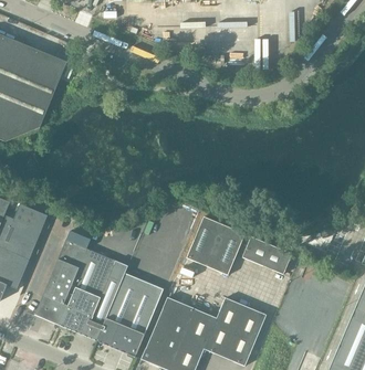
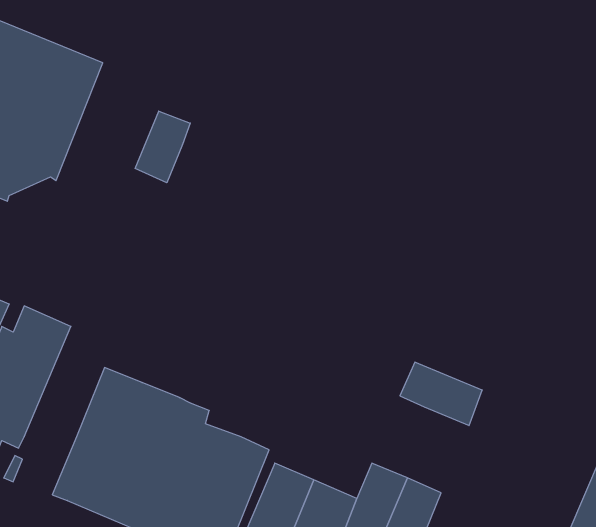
building: none -> [135,111,190,183]
building: [186,218,244,276] -> none

